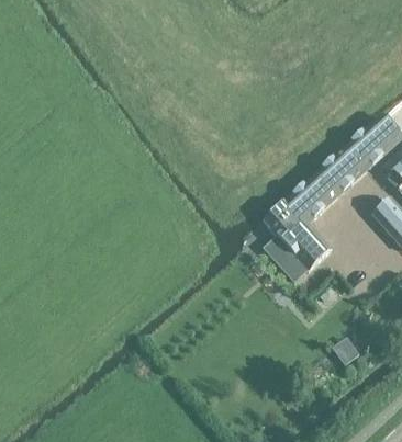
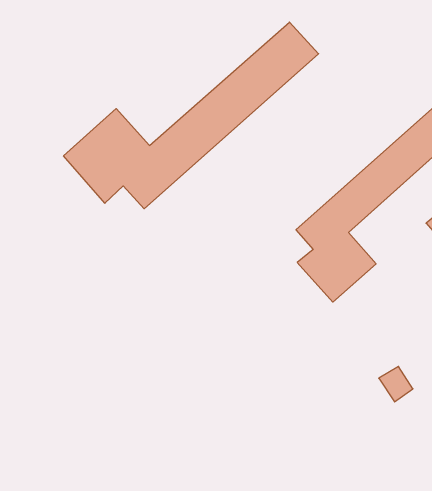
building: none -> [64,22,319,209]

